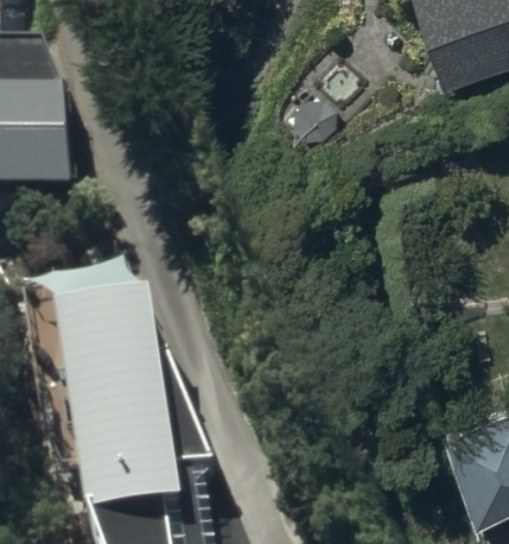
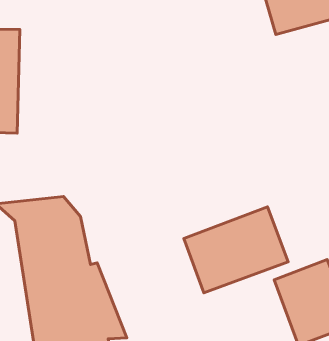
building: none -> [184,207,288,293]

